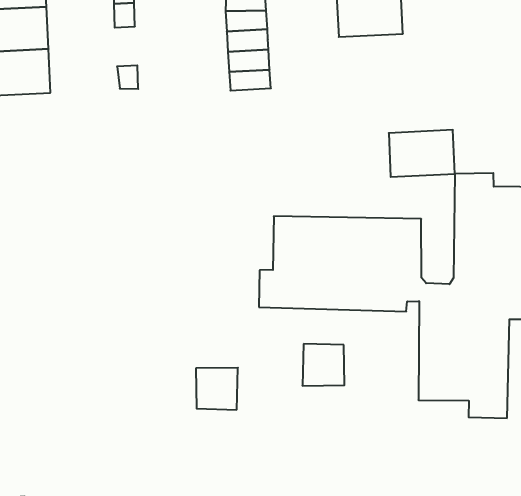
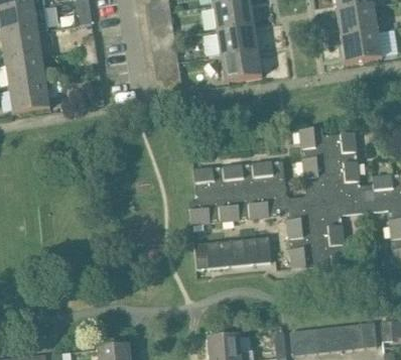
building: [389,130,455,177] -> [221,49,263,82]
building: none -> [244,237,271,264]
building: [196,368,238,410] -> [194,242,222,269]

